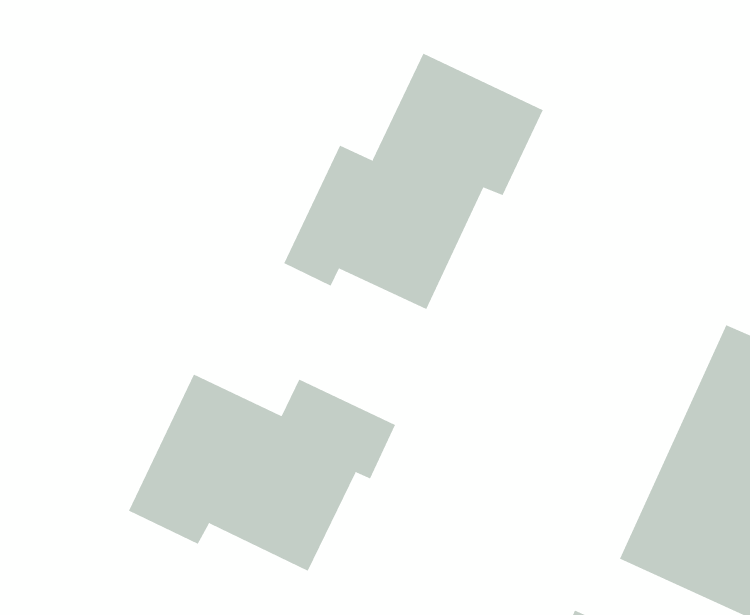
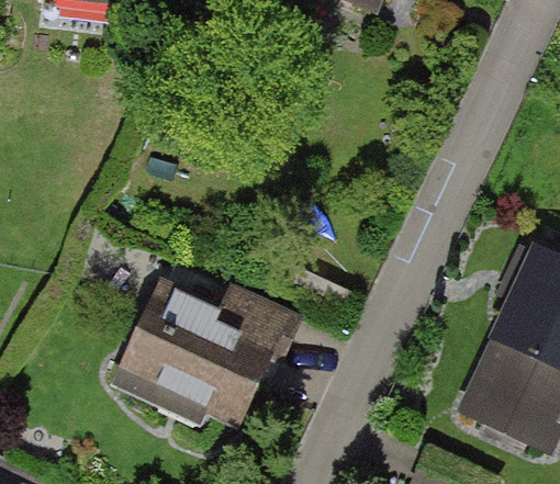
building: [283,53,544,310] -> none

